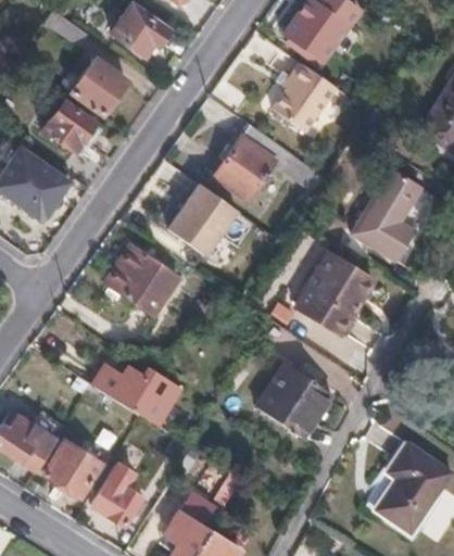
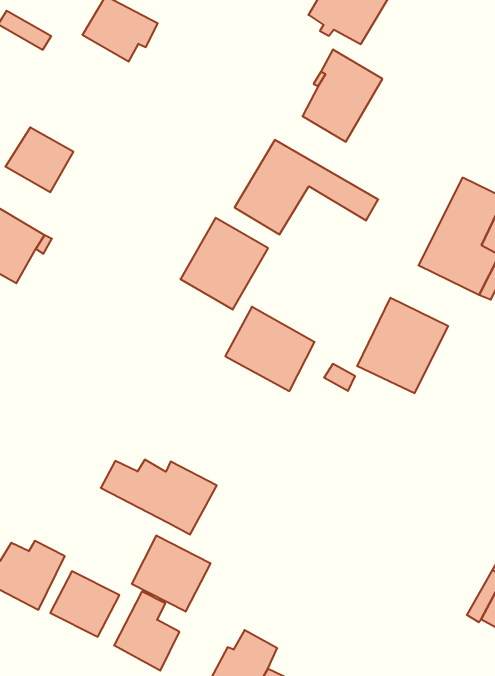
building: [60,60,126,114] -> none
building: [106,248,176,315] -> [225,307,315,391]
building: [255,363,331,438] -> none
building: none -> [132,535,210,612]

